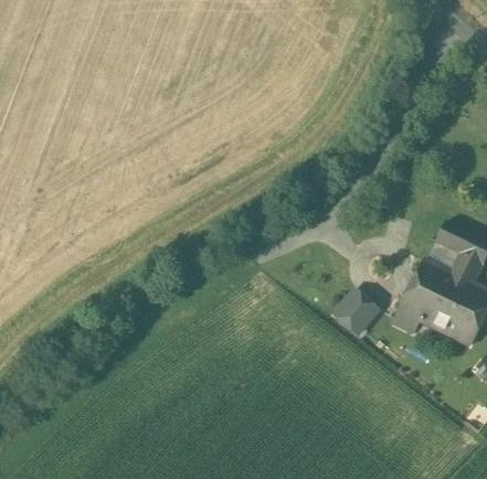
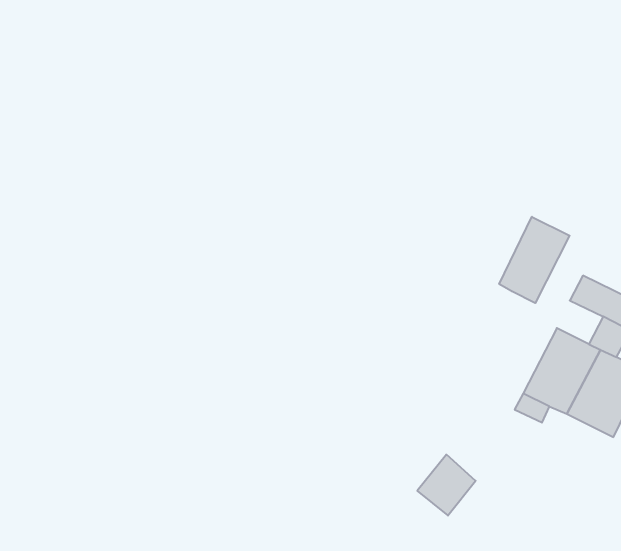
building: none -> [499,217,570,303]
building: [334,292,378,339] -> [417,455,476,516]

